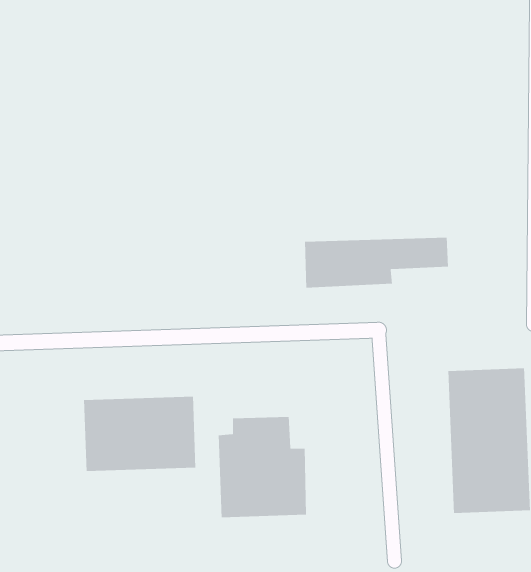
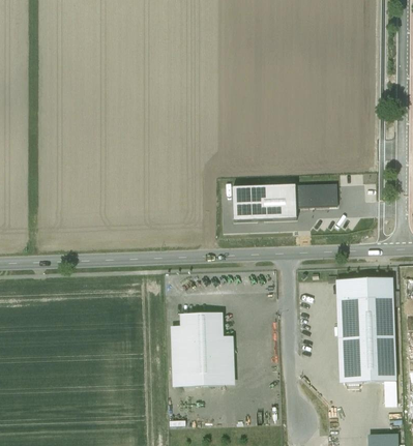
building: [83,396,196,472] -> none

